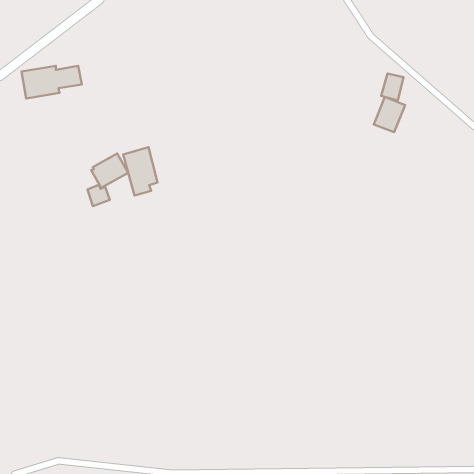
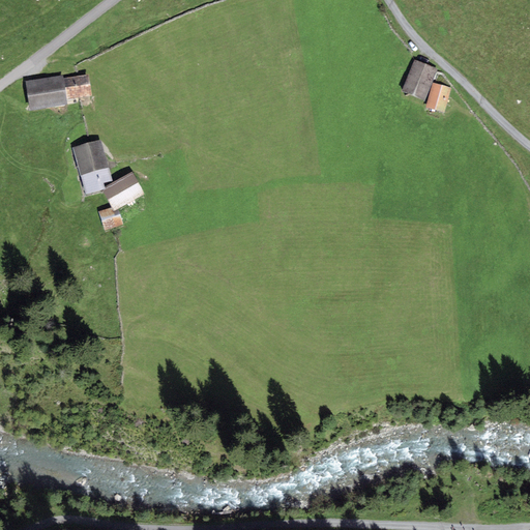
building: [374,97,405,132] -> [401,59,436,98]
building: [123,147,158,195] -> [72,139,111,193]

